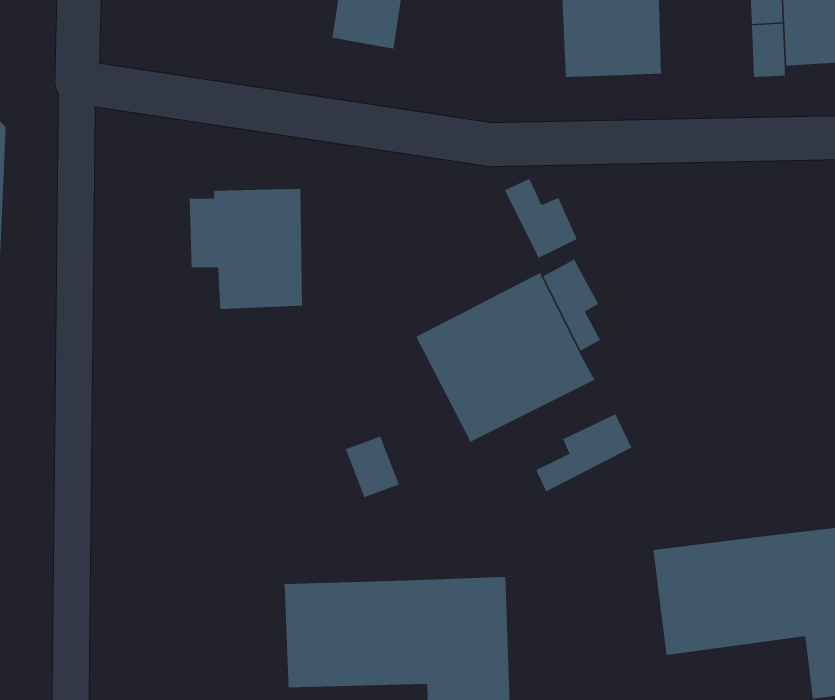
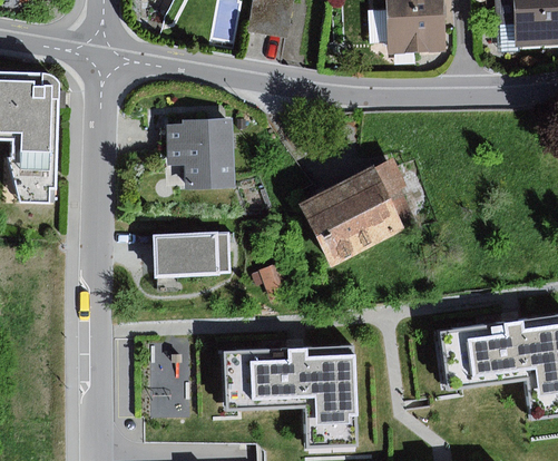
building: [504,178,578,259] -> none
building: none -> [154,232,231,276]
building: [535,413,632,492] -> none

